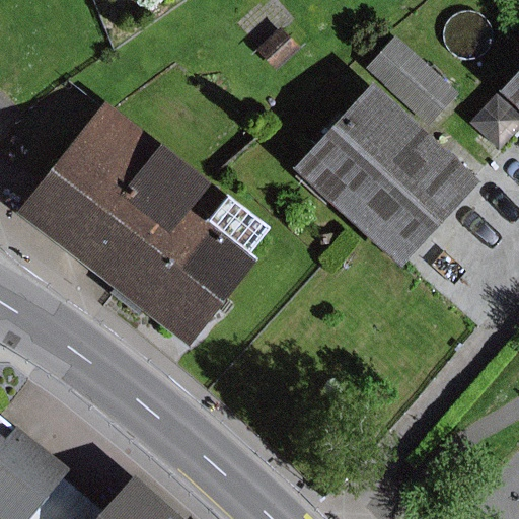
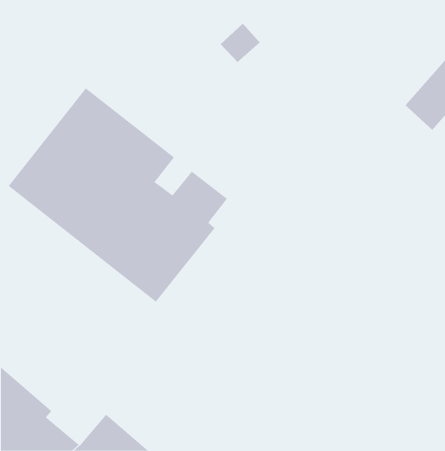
building: [368,35,462,127] -> none
building: [292,81,479,267] -> none

